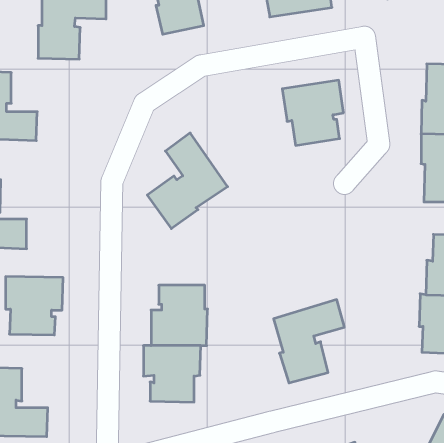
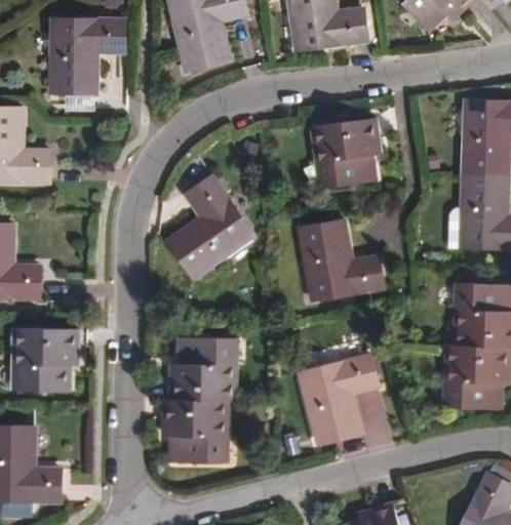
building: none -> [299,219,384,298]

